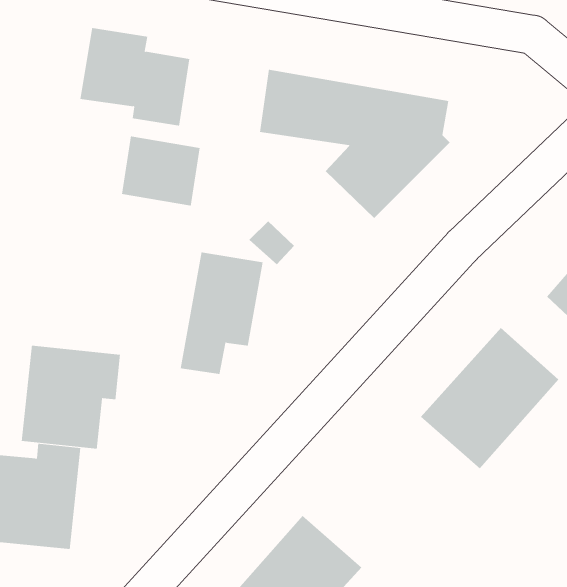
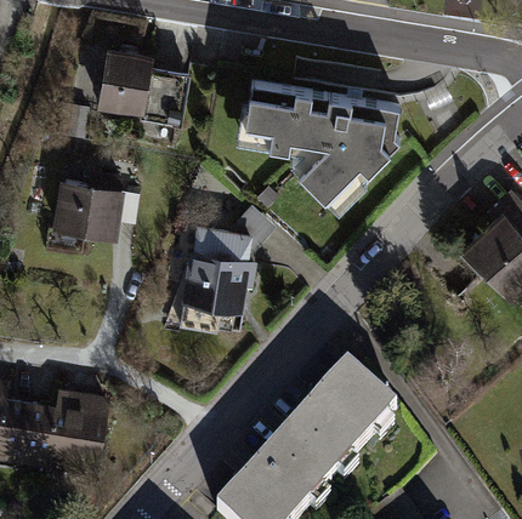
building: [121,136,201,206] -> [53,181,118,238]
building: [420,327,559,469] -> [278,370,391,485]
building: [21,345,120,449] -> none

